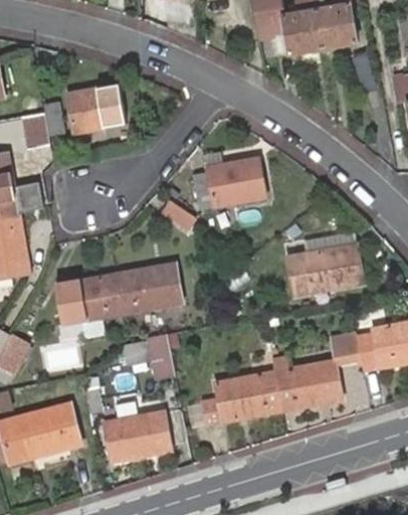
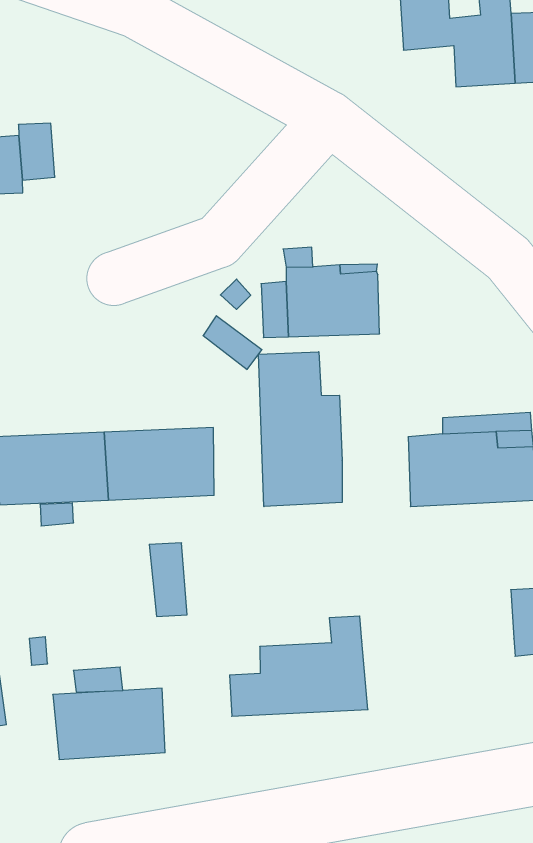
building: [68,84,127,133] -> none
building: none -> [259,352,342,507]
building: [271,333,360,412] -> none

